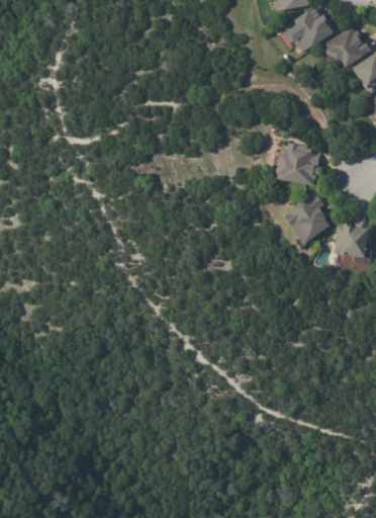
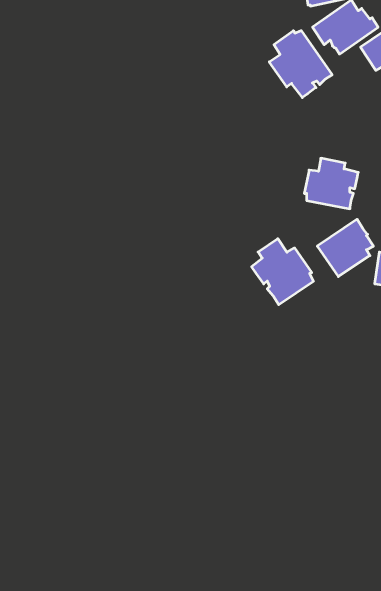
building: none -> [269,31,332,98]
building: none -> [252,239,313,305]

